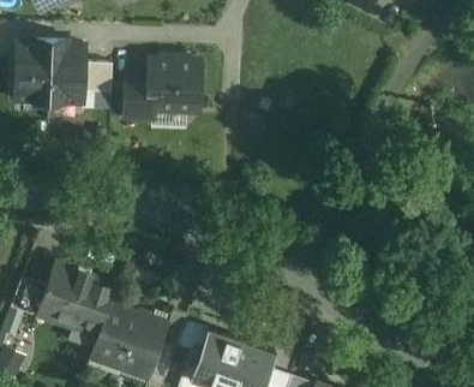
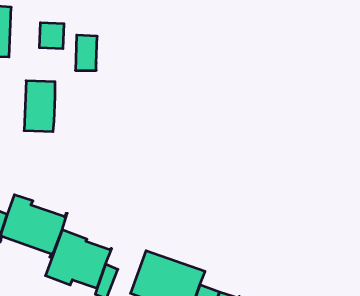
building: [48,46,84,105] -> [24,81,55,132]
building: [149,61,198,112] -> none

